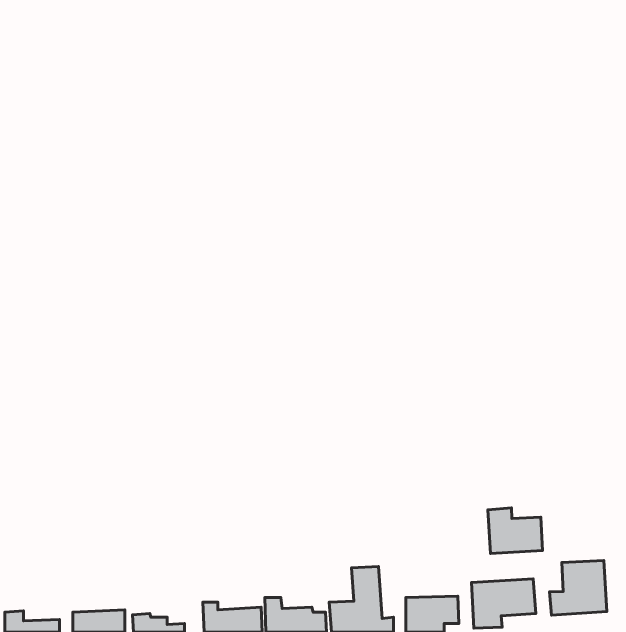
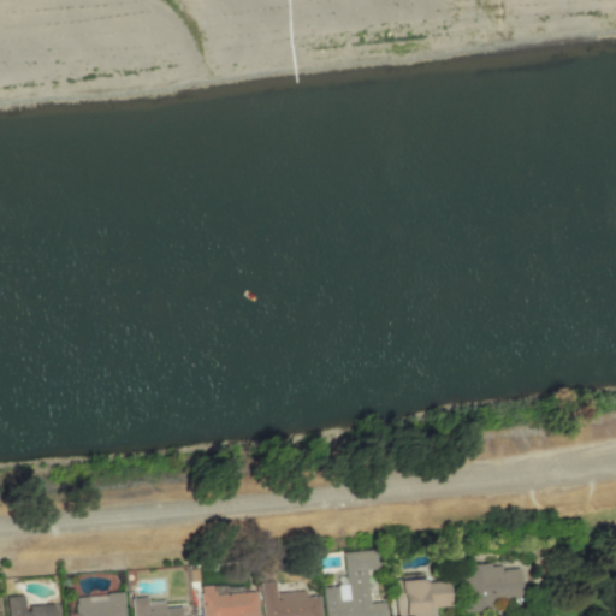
building: [488,508,542,553] -> none
building: [550,560,607,615] -> none

